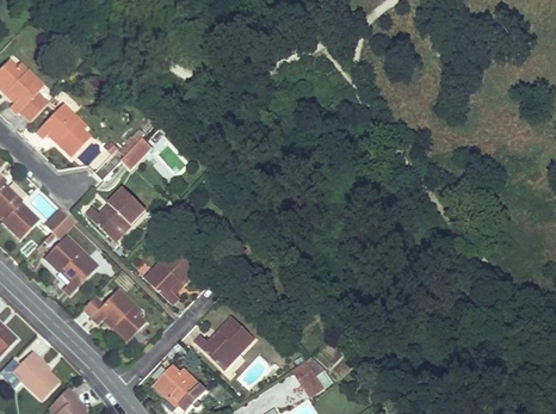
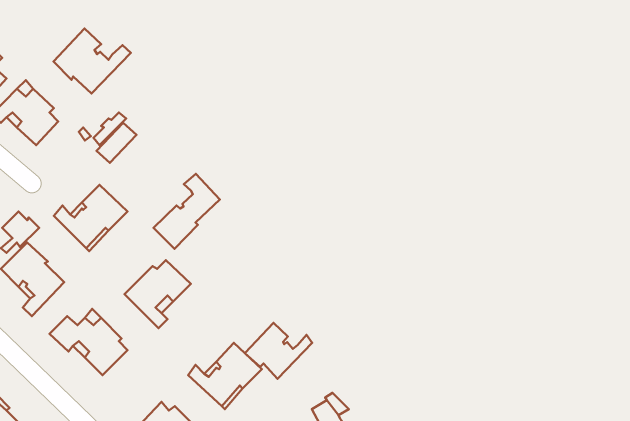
building: none -> [53,28,131,93]
building: none -> [154,174,220,249]
building: none -> [245,323,312,379]

